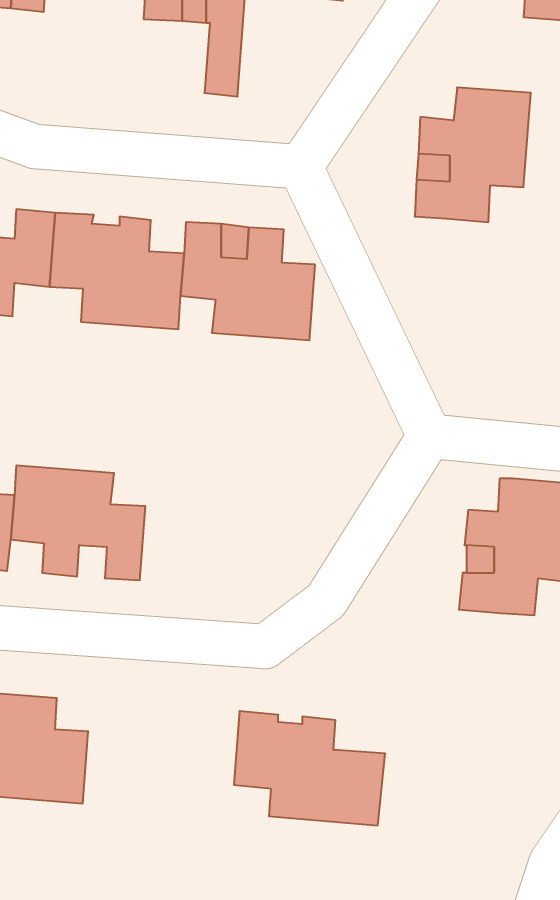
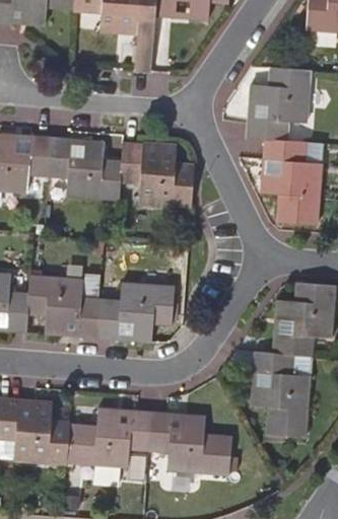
building: none -> [263,140,324,225]
building: none -> [97,283,174,344]
building: none -> [252,354,314,437]
building: none -> [66,406,152,466]

